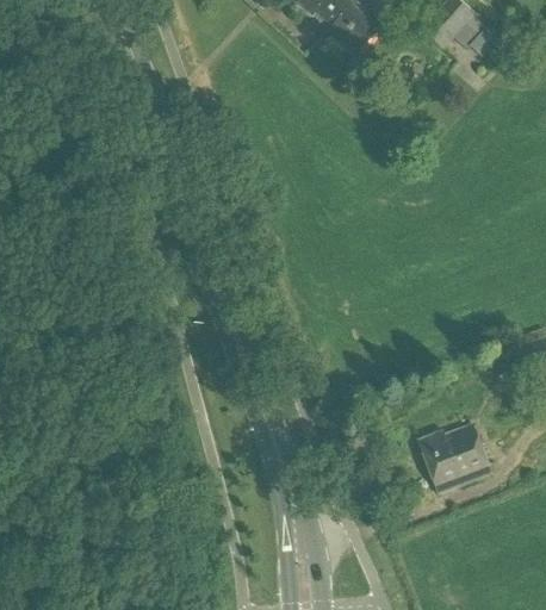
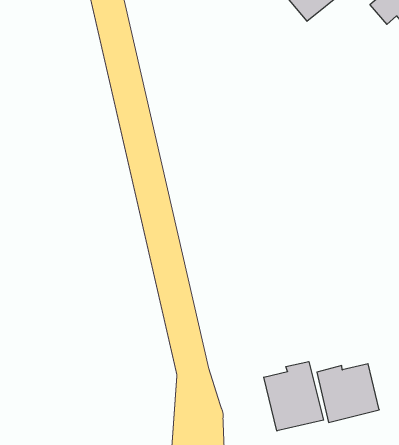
building: none -> [264,362,324,431]

